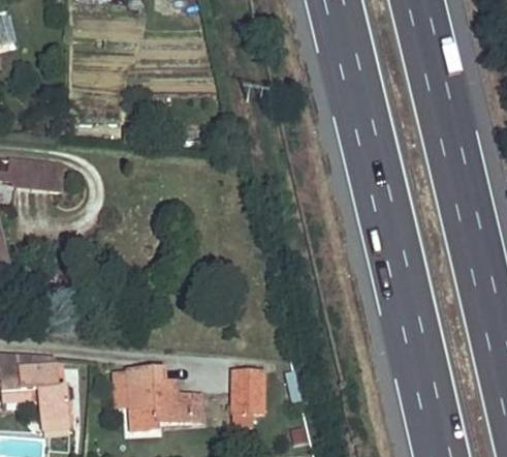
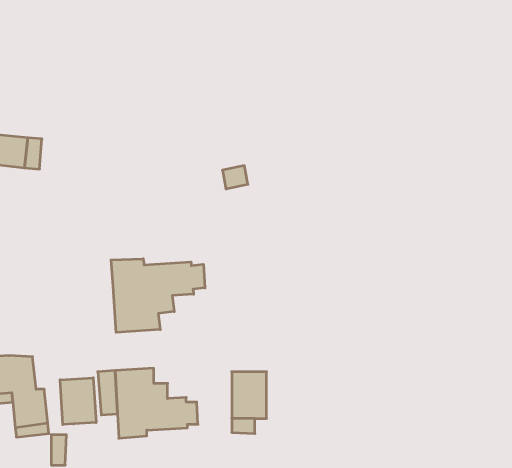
building: none -> [111,259,205,332]
building: none -> [60,378,96,425]

